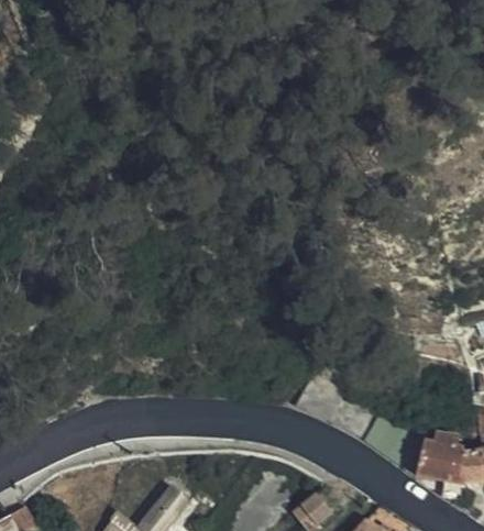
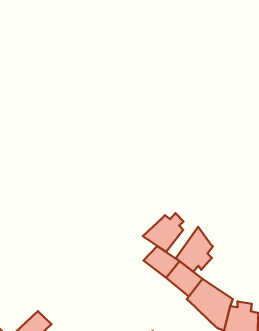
building: none -> [143,213,184,252]
building: none -> [176,227,213,272]

